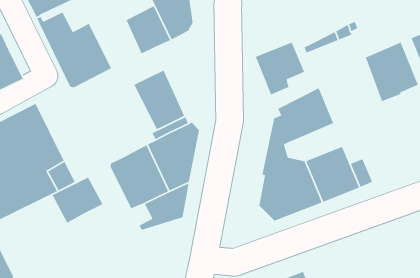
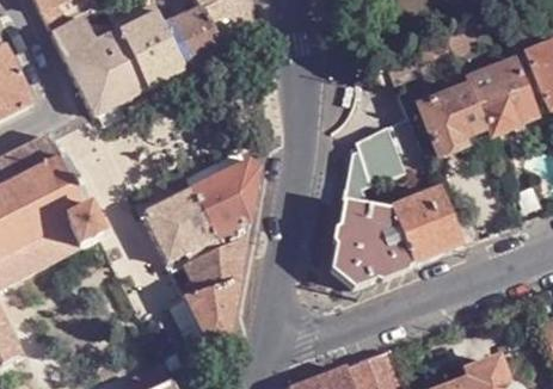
building: [255,41,305,96] -> [420,85,485,154]
building: [133,69,185,130] -> [116,12,183,89]
building: [52,177,104,224] -> none
building: none -> [183,280,236,345]

